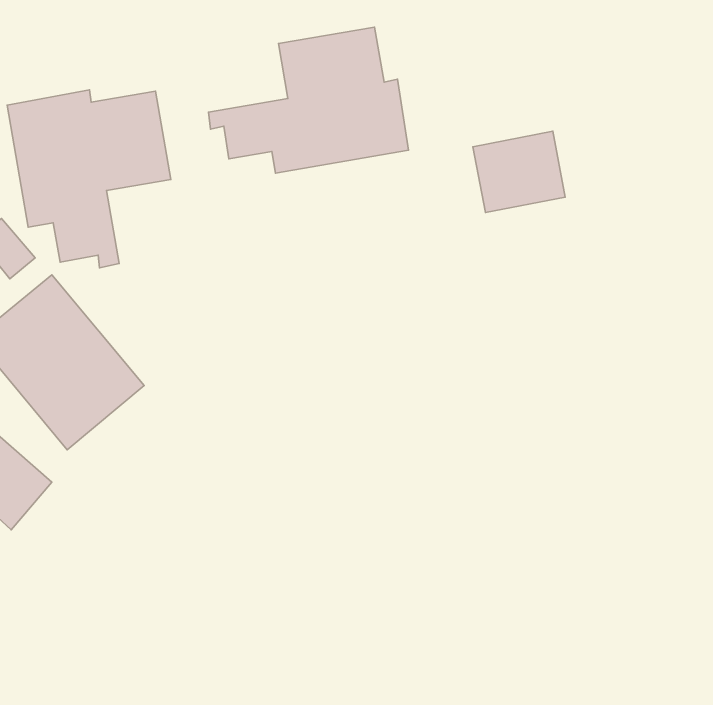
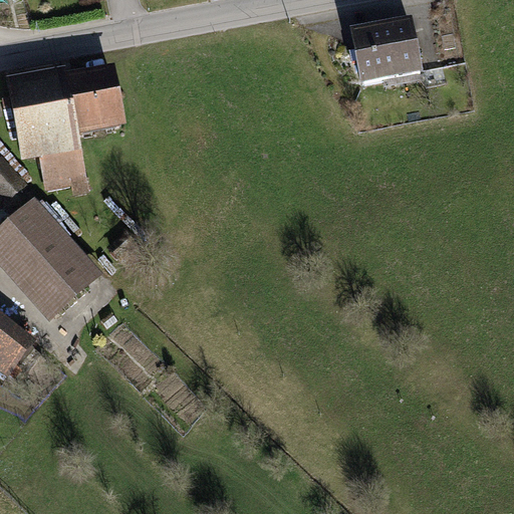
building: [208,27,408,173] -> none
building: [473,131,565,213] -> [352,20,419,78]

